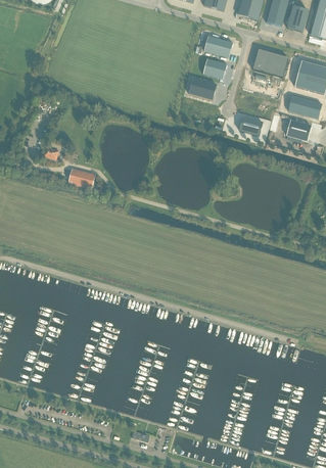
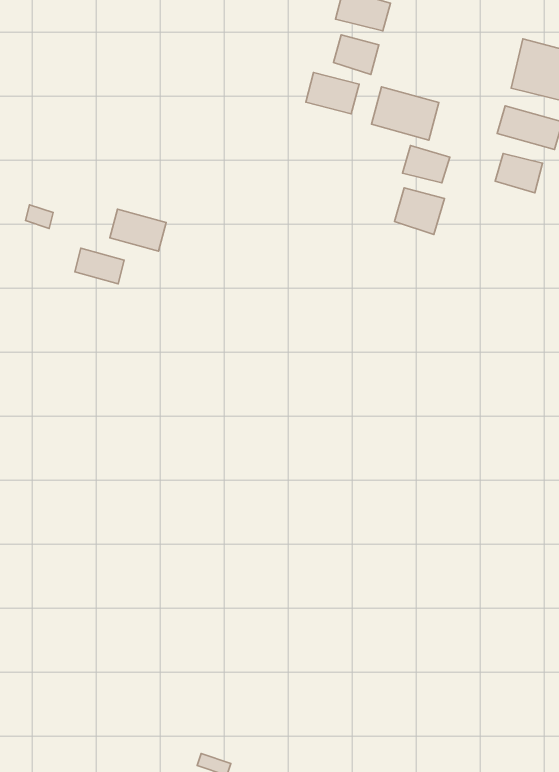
building: [252,49,287,77] -> [372,87,439,140]
building: none -> [394,188,445,234]
building: none -> [110,209,166,251]

